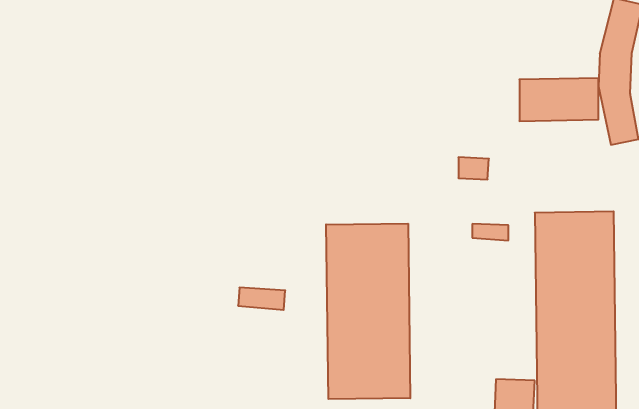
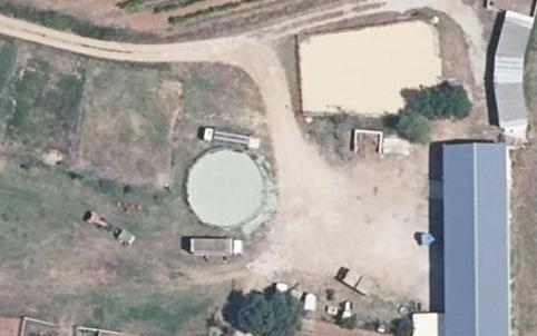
building: [519,78,598,121] -> [443,144,507,178]
building: [326,224,410,399] -> none

